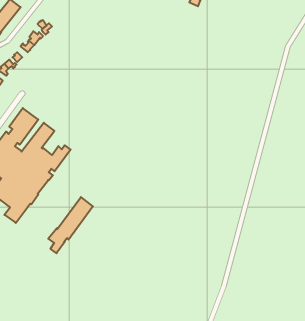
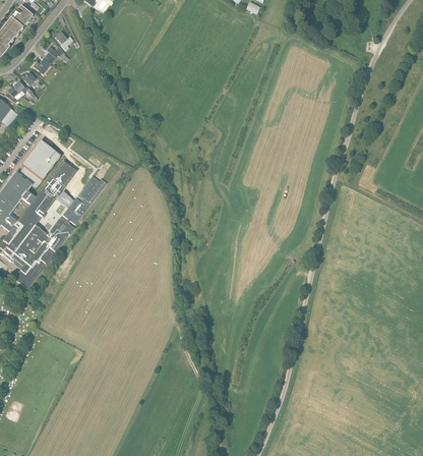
building: [48,197,93,253] -> none

